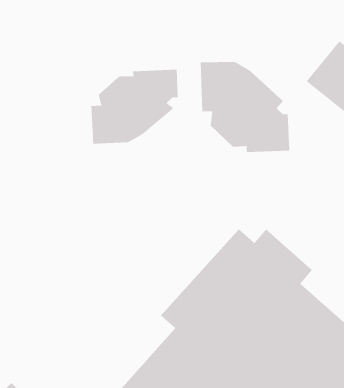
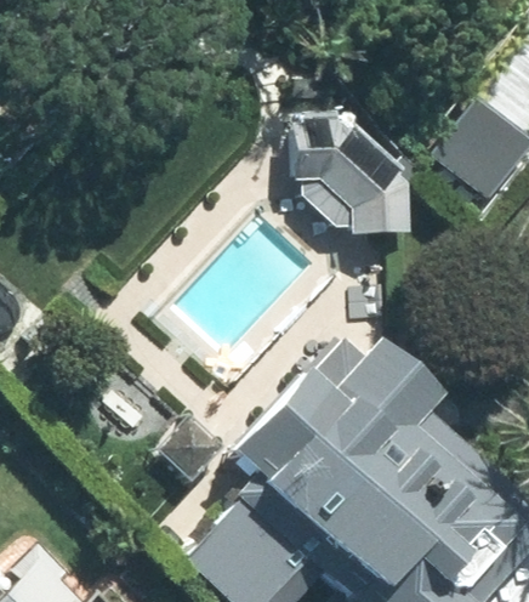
building: [91,69,178,145] -> none

